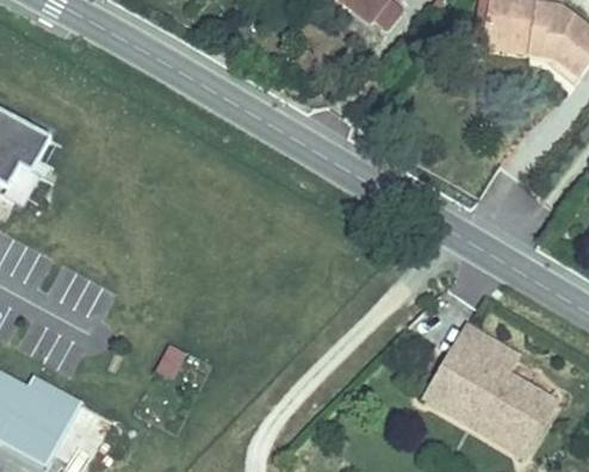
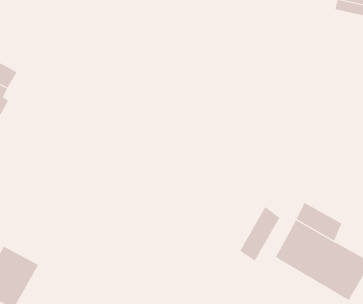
building: none -> [239,206,280,261]

